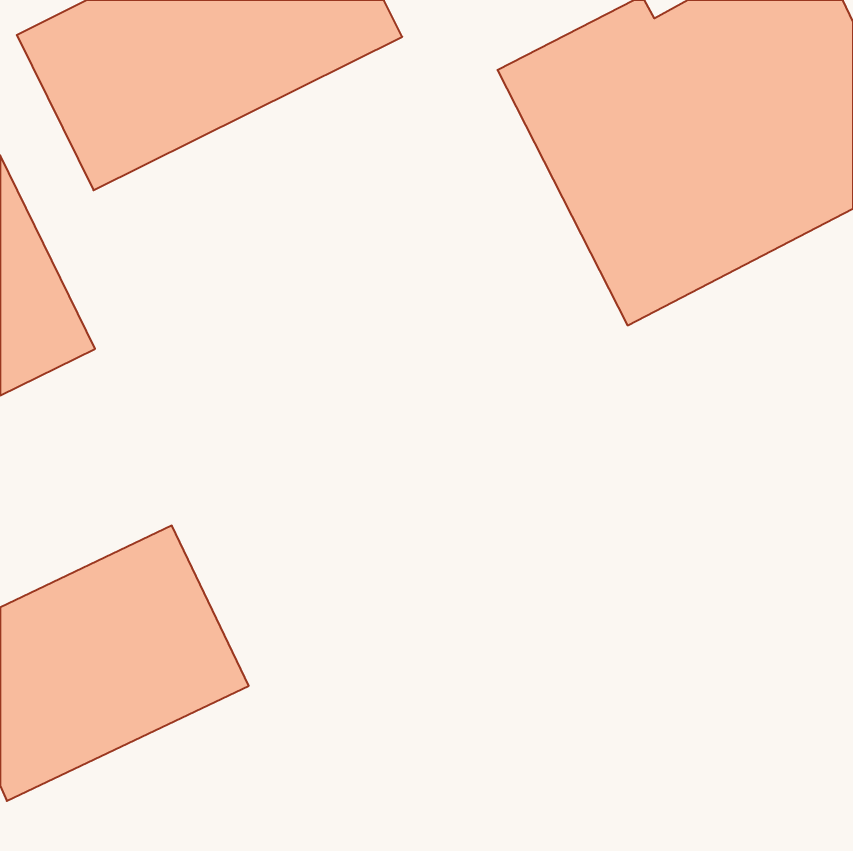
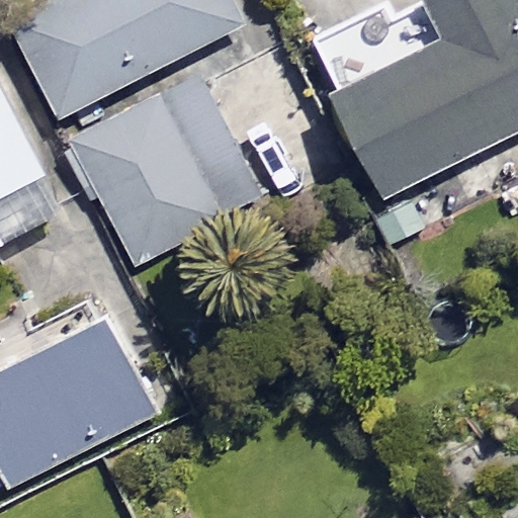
building: none -> [72,76,263,264]

